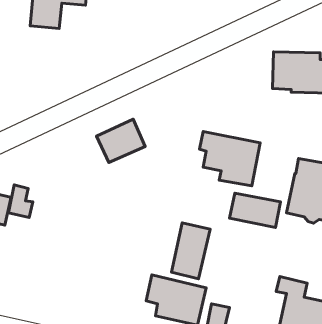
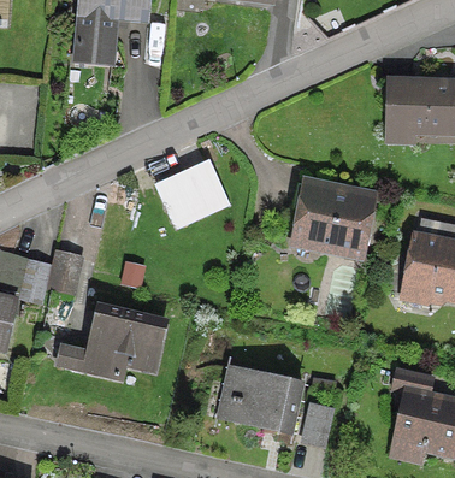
building: [229,193,281,228] -> none
building: [172,223,210,279] -> none
building: none -> [57,305,164,376]

